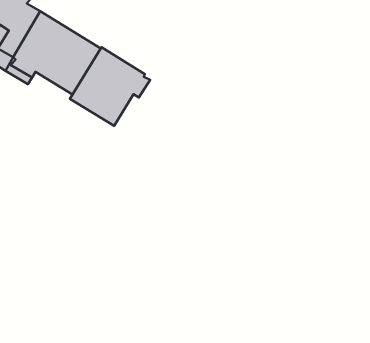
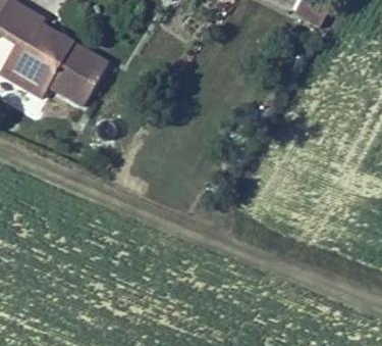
building: [70,47,150,126] -> none

